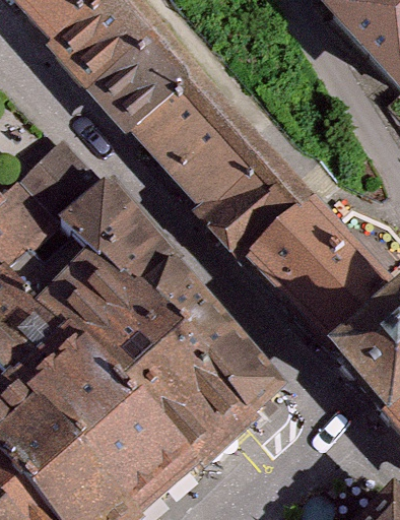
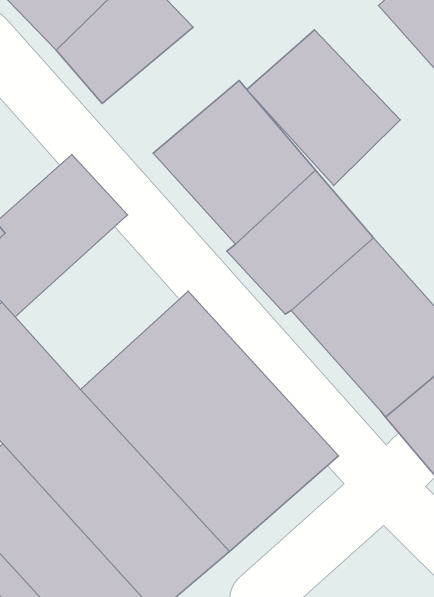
building: [92,28,207,137] -> none
building: none -> [247,30,400,186]
building: [19,186,164,332] -> none

